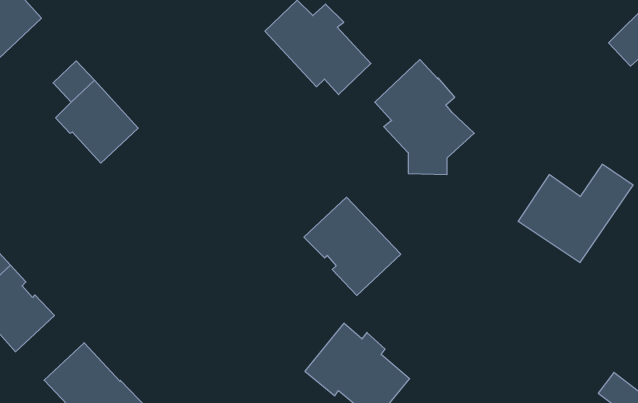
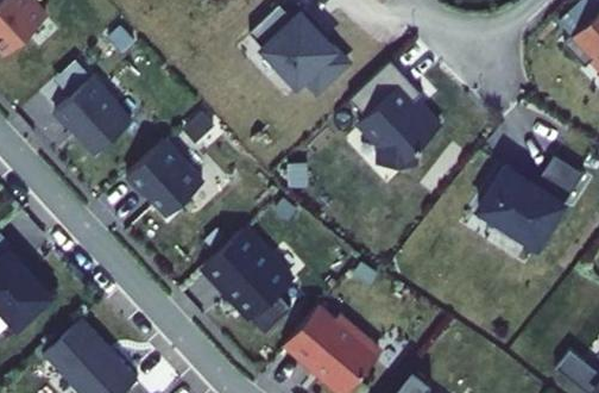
building: none -> [125,142,202,216]
building: [304,197,401,295] -> [202,230,291,320]

